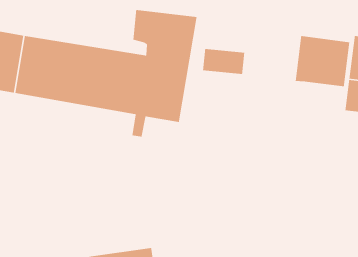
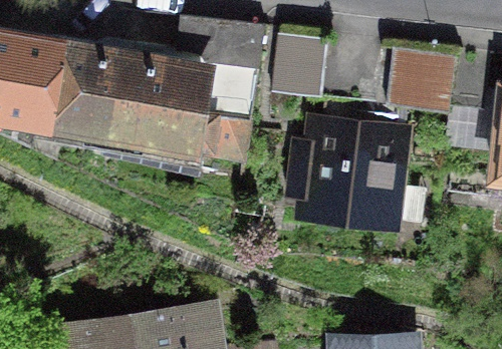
building: none -> [289,98,399,207]

